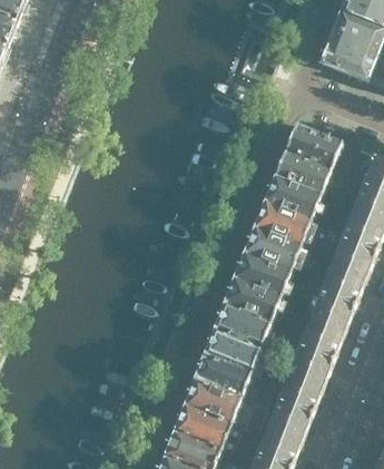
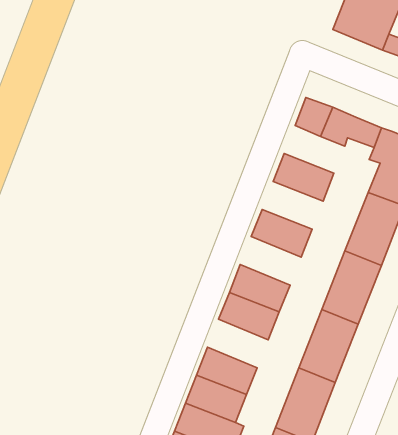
building: [275,150,331,194] -> none
building: [255,202,311,245] -> none
building: [235,252,291,296] -> none
building: [205,328,260,372] -> none

